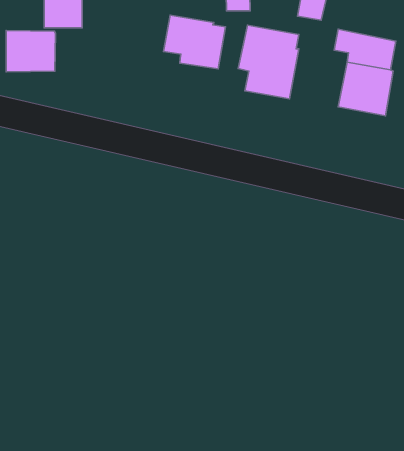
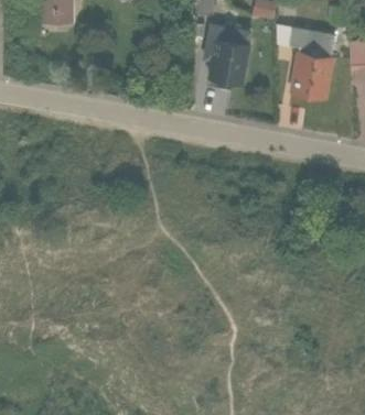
building: [163,15,226,69] -> none
building: [6,30,55,72] -> none

